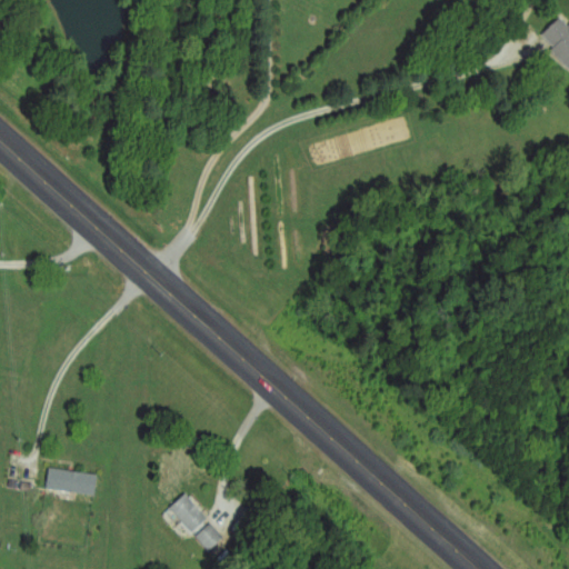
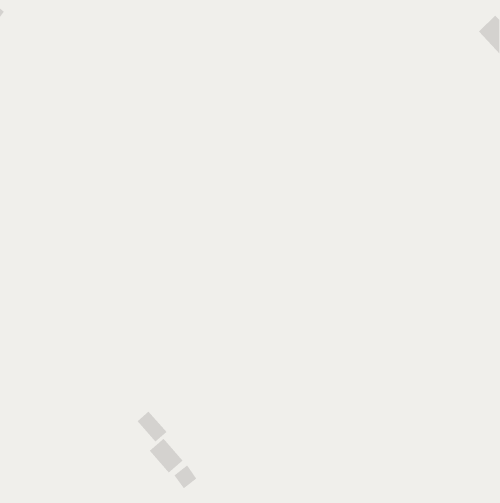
building: none -> [137,411,167,443]
building: [46,468,97,496] -> none

